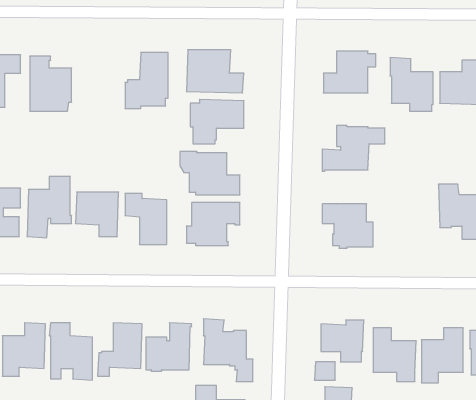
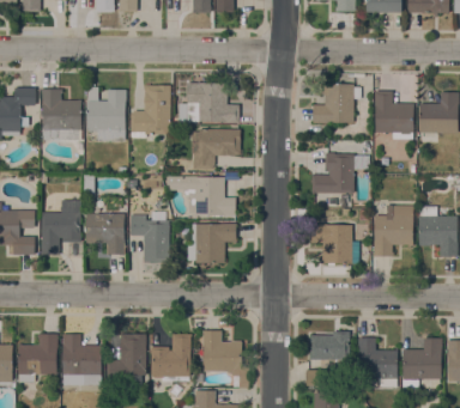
building: none -> [86,86,126,140]
building: none -> [373,205,413,255]

